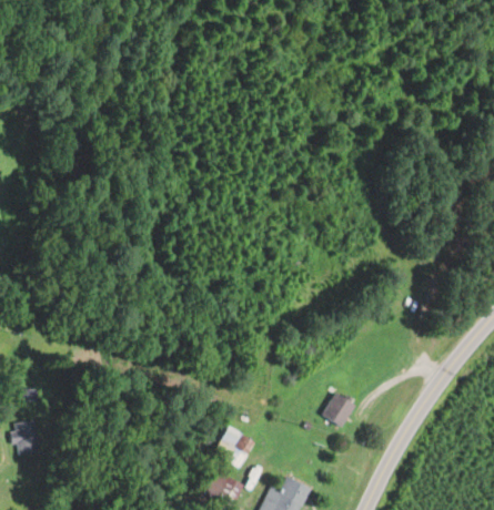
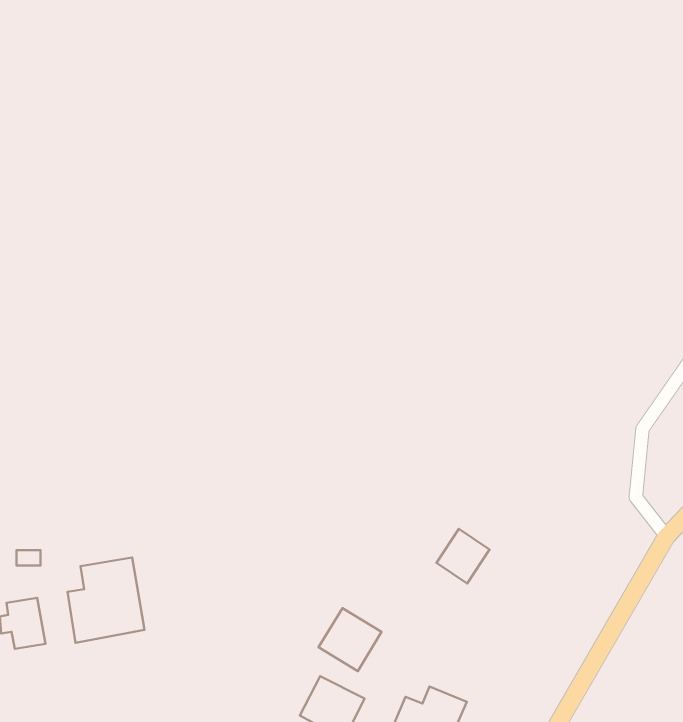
building: [322,391,356,427] -> [437,529,489,583]
building: none -> [67,557,144,643]

